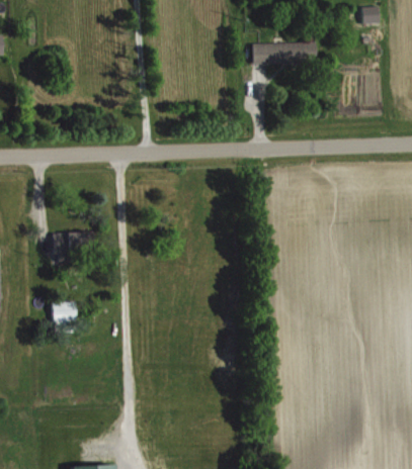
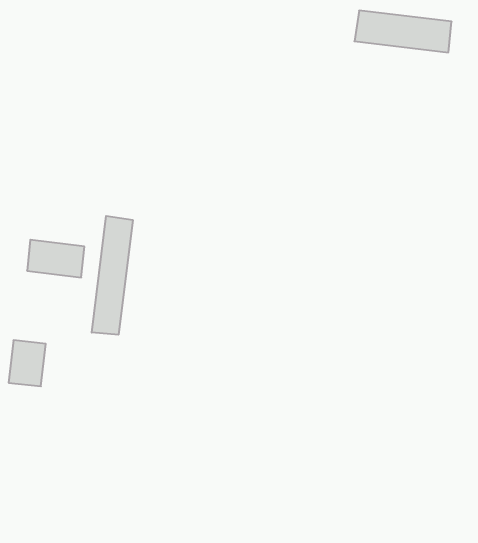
building: none -> [92,216,133,335]

